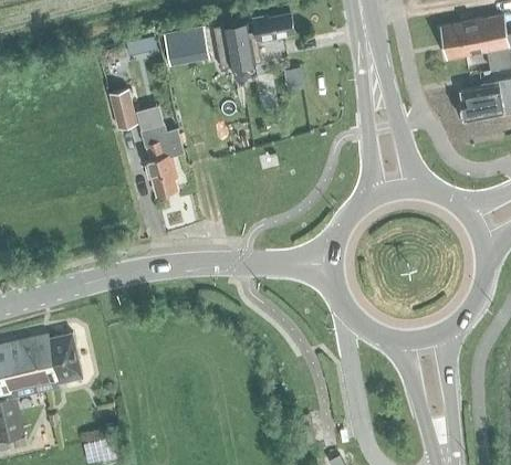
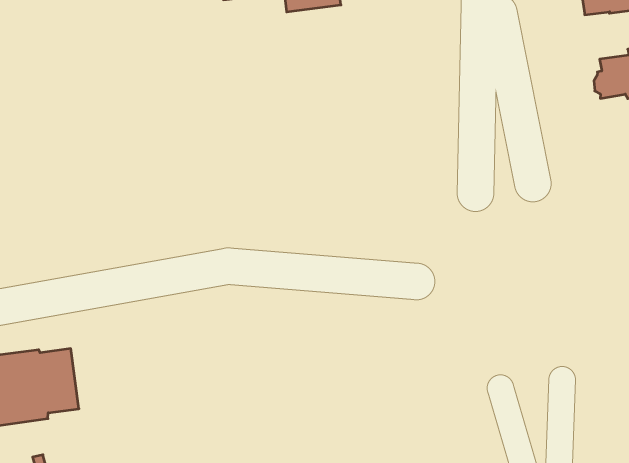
building: [109,88,138,128] -> none
building: [142,123,177,195] -> none

